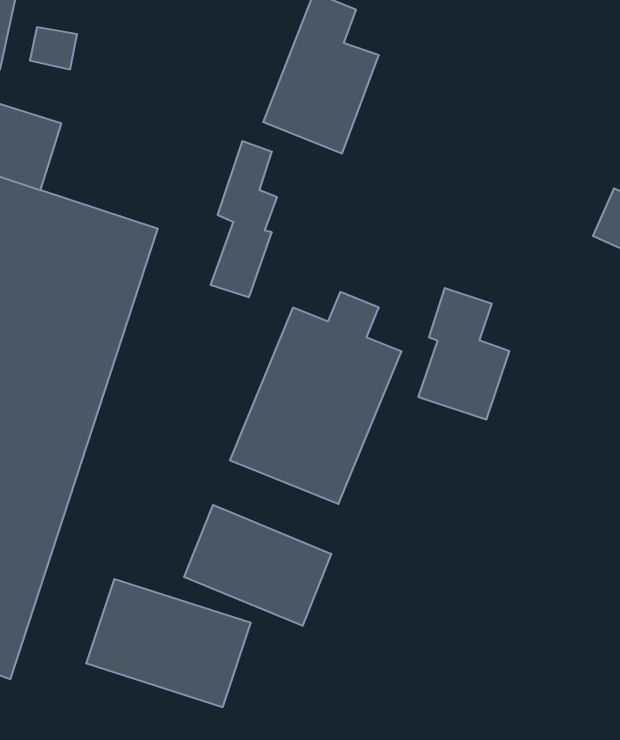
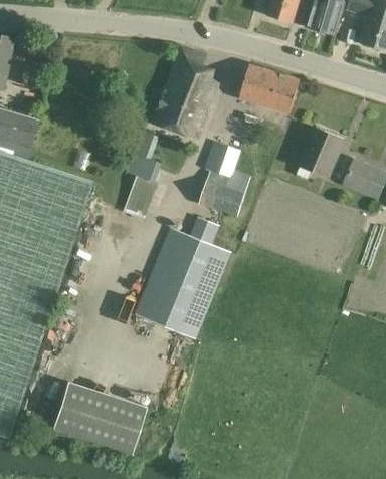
building: none -> [238,63,301,114]
building: none -> [299,127,343,176]
building: [418,288,509,419] -> [198,142,250,217]
building: [184,505,331,626] -> none

